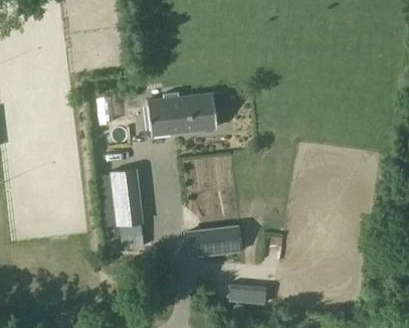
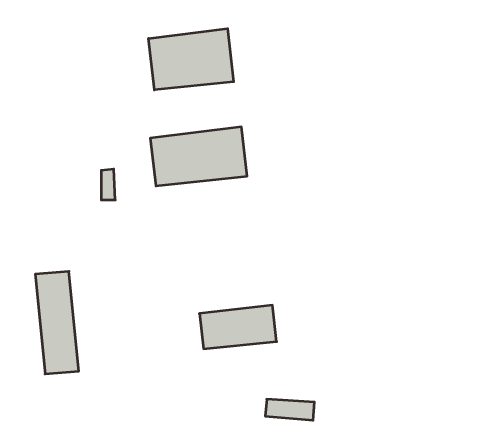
building: none -> [149,29,234,90]
building: [111,171,142,244] -> [35,271,79,374]

